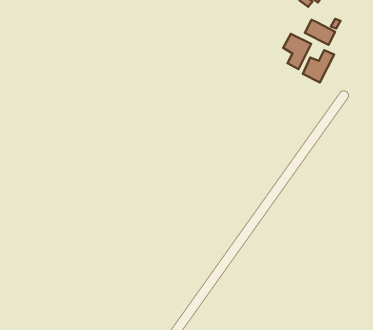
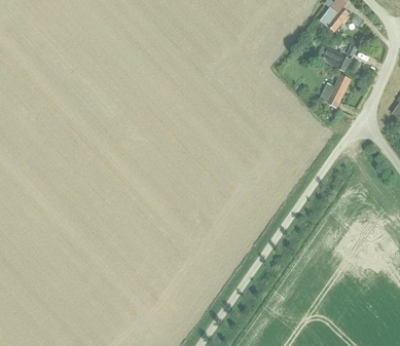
building: [283,34,311,69] -> none

